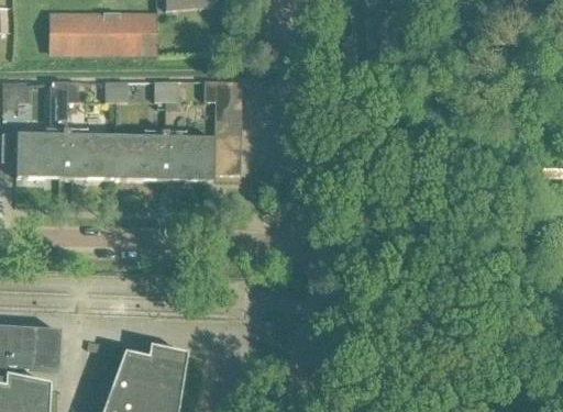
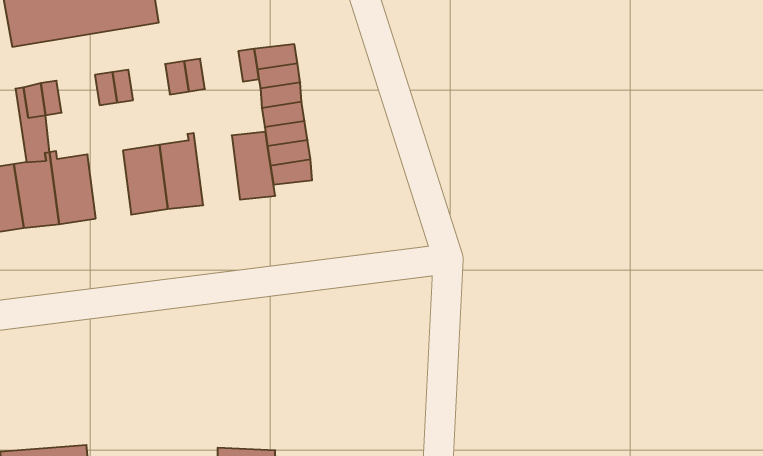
building: [164,131,190,180] -> none
building: [90,134,115,179] -> none

